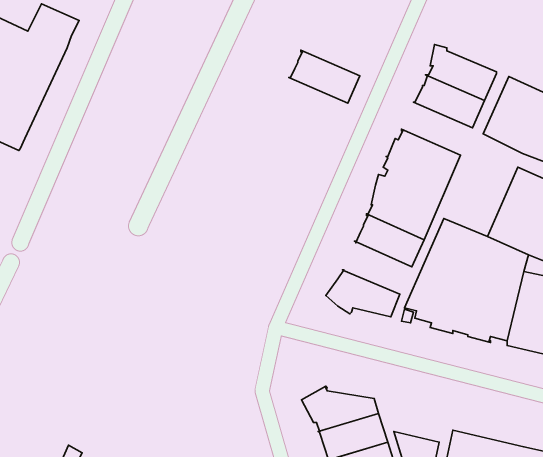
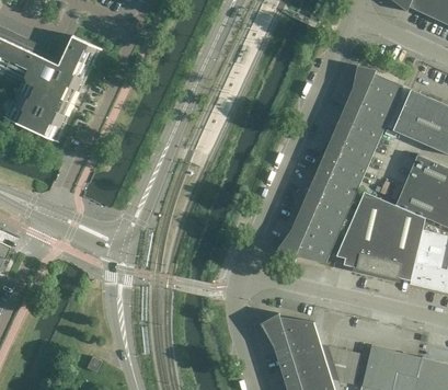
building: [289,50,360,103] -> [334,107,386,146]
building: none -> [291,208,342,246]

